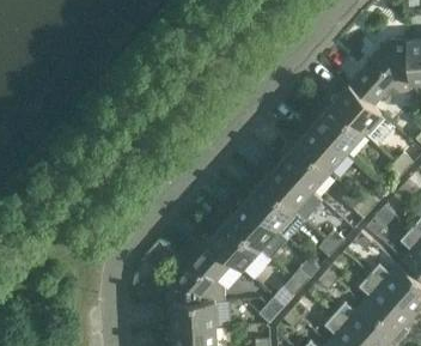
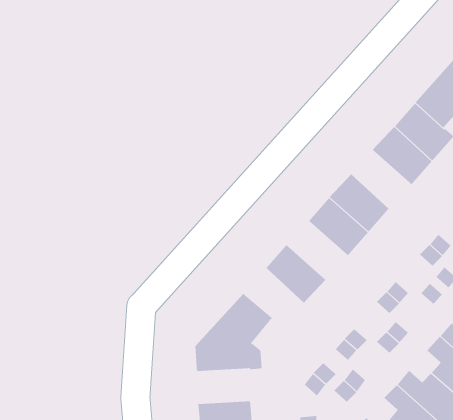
building: [298,125,347,172] -> none
building: [245,182,295,230] -> none
building: [210,220,260,269] -> none
building: [172,302,216,330] -> none

